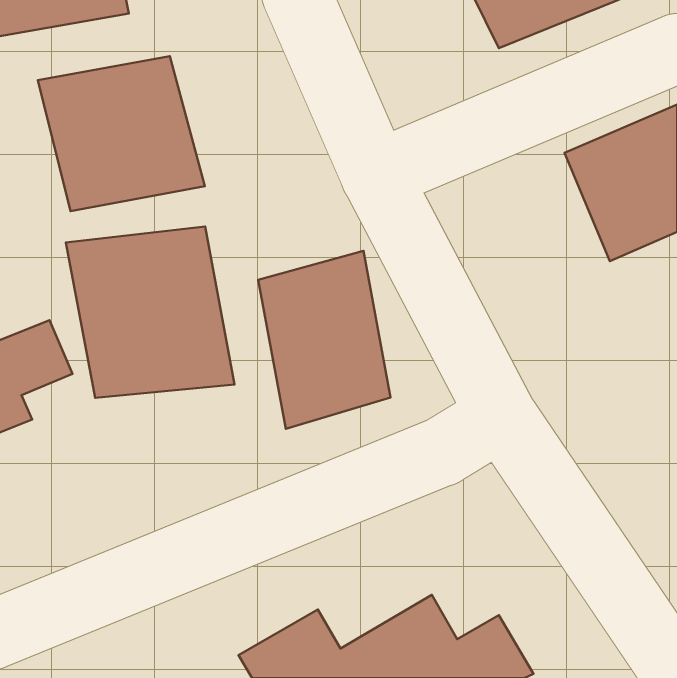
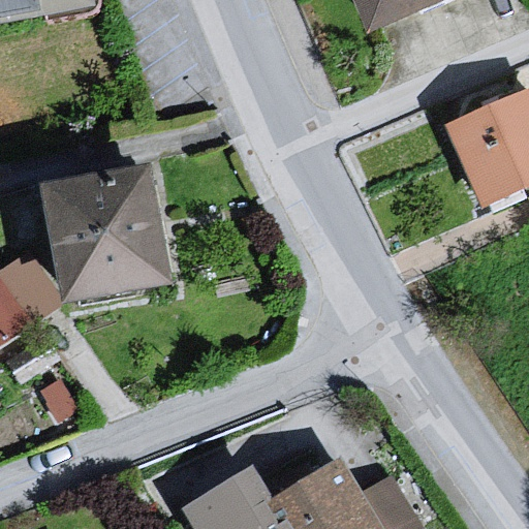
building: [38,56,205,211] -> none
building: [258,251,391,429] -> none

